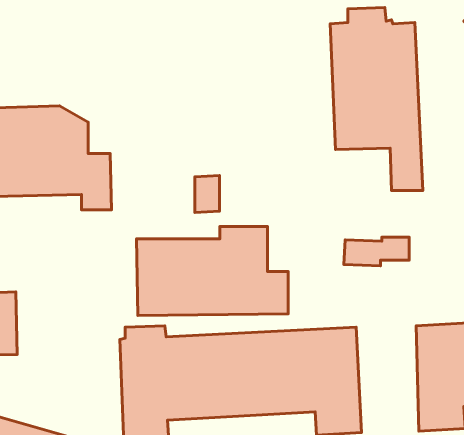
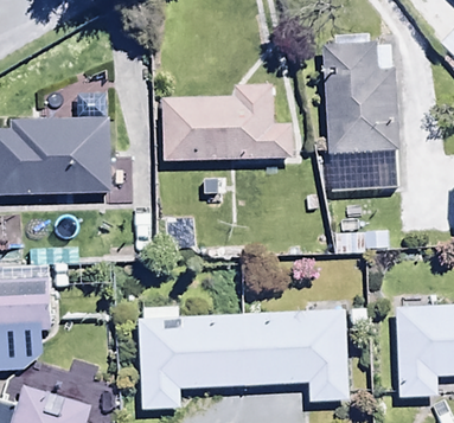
building: [136,227,288,315] -> [162,83,294,160]

